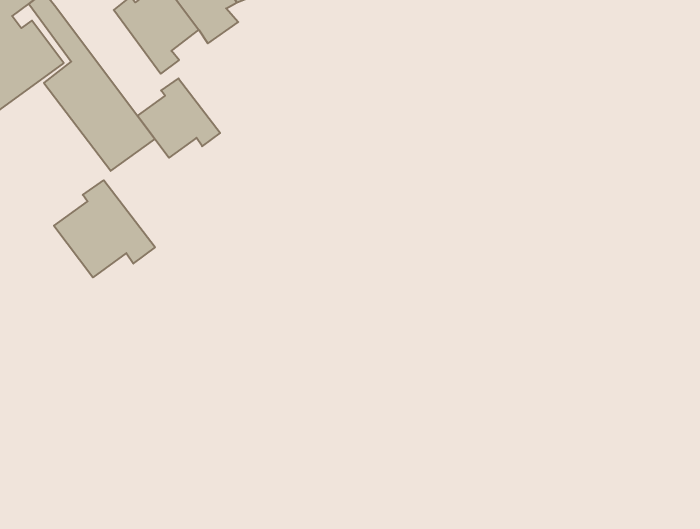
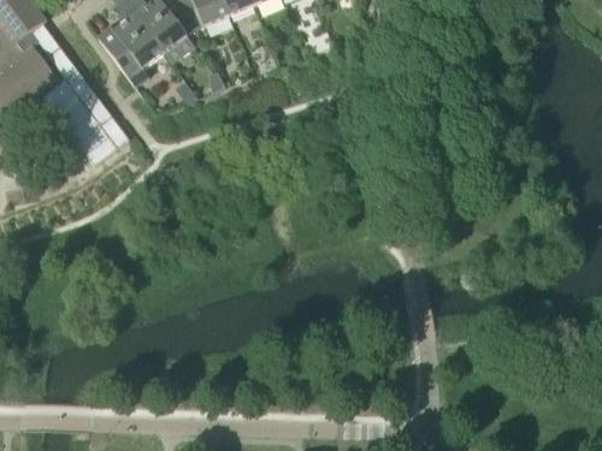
building: [137,78,220,158] -> none
building: [54,180,155,277] -> none

